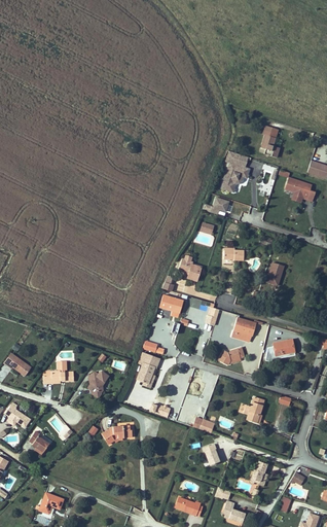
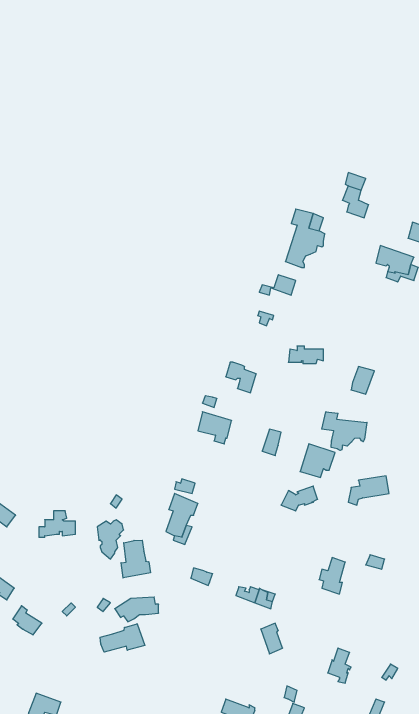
building: none -> [322,412,367,450]
building: none -> [121,540,150,578]
building: none -> [100,624,145,652]

